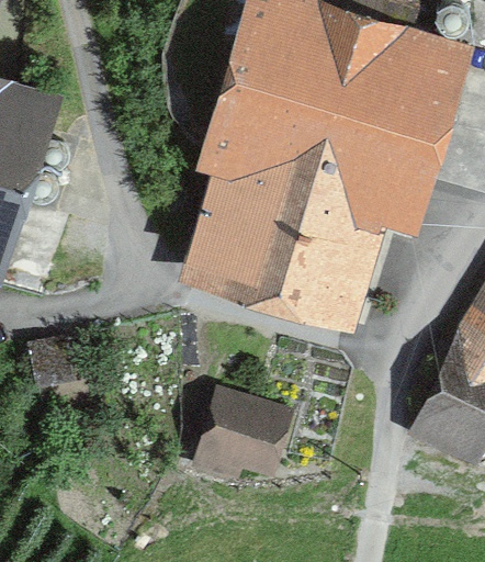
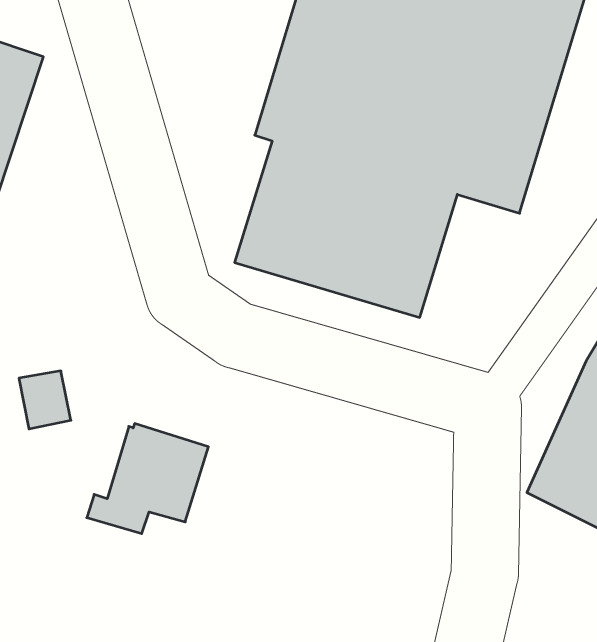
building: [195,393,287,476] -> [87,424,208,534]

